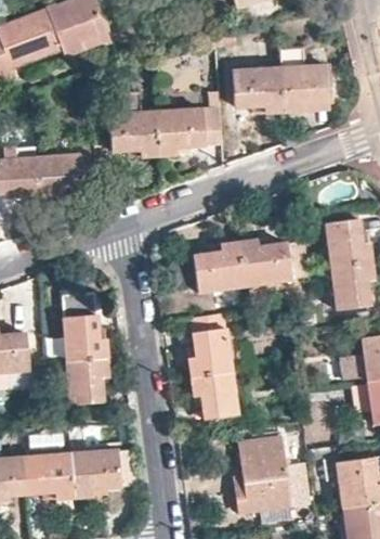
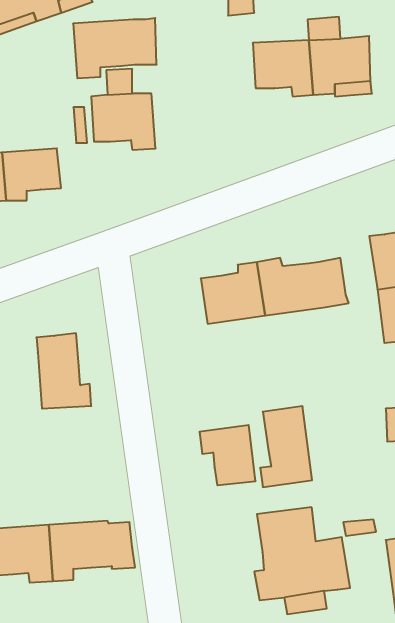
building: [154,106,220,154] -> [73,18,157,78]
building: [189,315,231,378] -> [260,406,312,487]
building: [67,358,107,403] -> none

